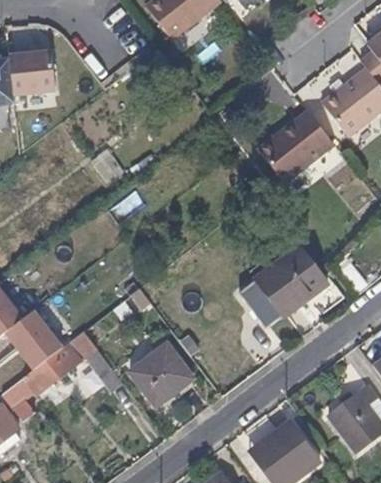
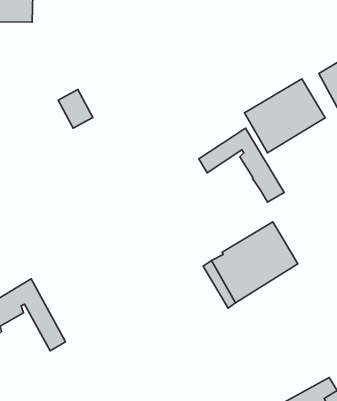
building: none -> [199,128,284,202]
building: [129,341,193,404] -> none

